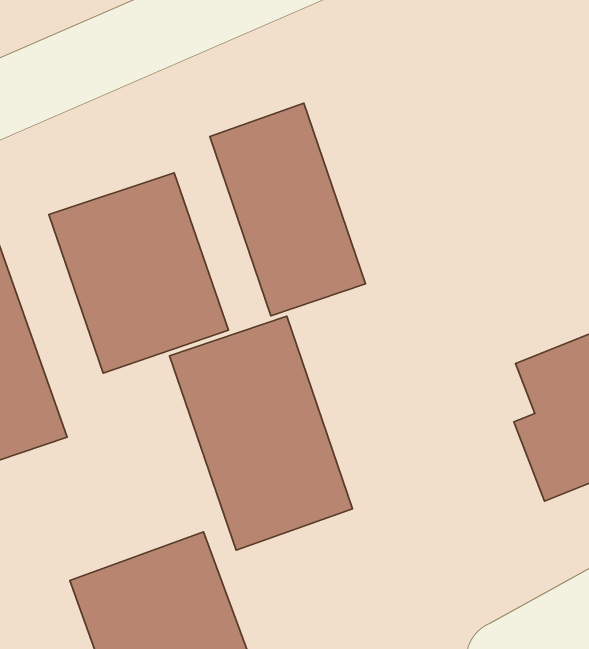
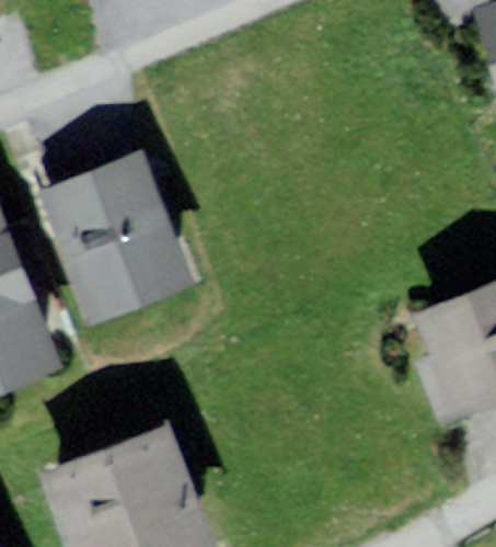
building: [210,103,366,316] -> none
building: [170,316,352,550] -> none

